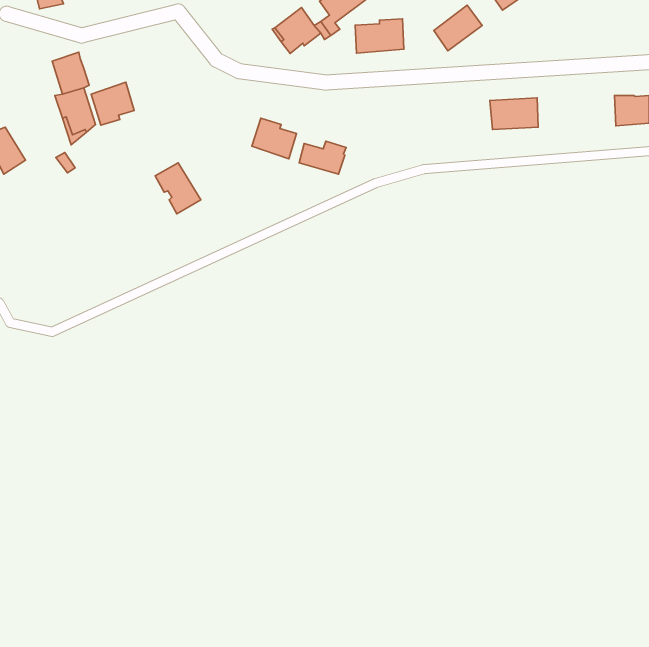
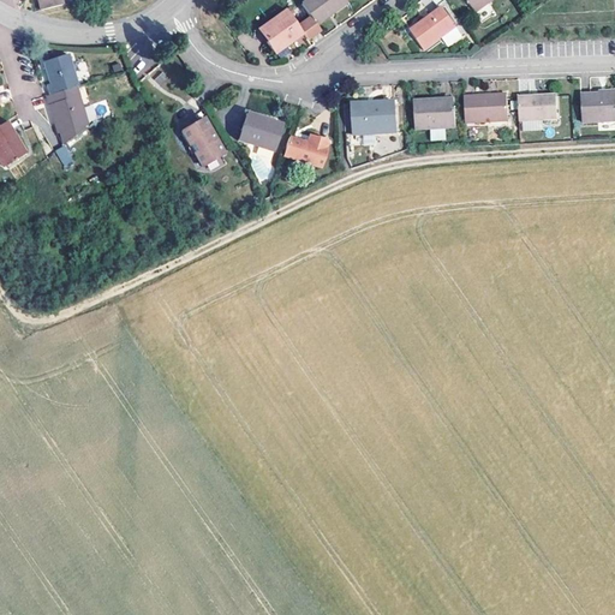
building: [355,19,404,53] -> [350,100,395,132]
building: [91,82,134,125] -> none
building: none -> [518,94,556,120]
building: none -> [413,97,454,127]
building: [155,163,201,214] -> [181,117,225,165]

